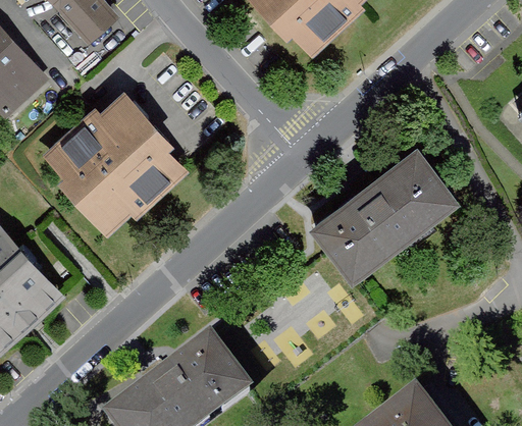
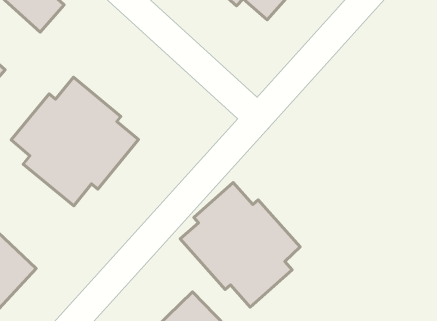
building: [317,148,463,279] -> none
building: none -> [180,182,300,307]

